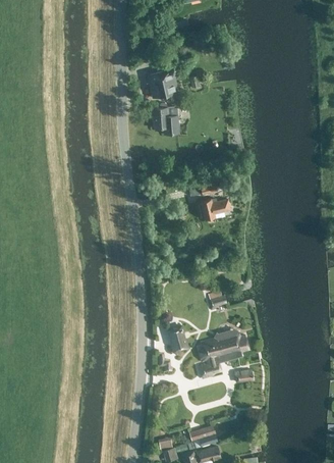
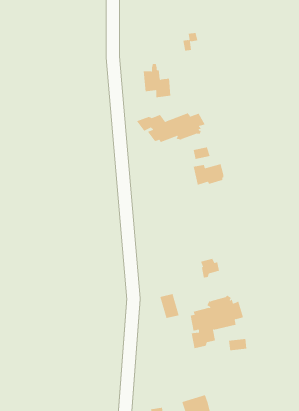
building: [147,68,178,97] -> none
building: none -> [136,112,206,143]

